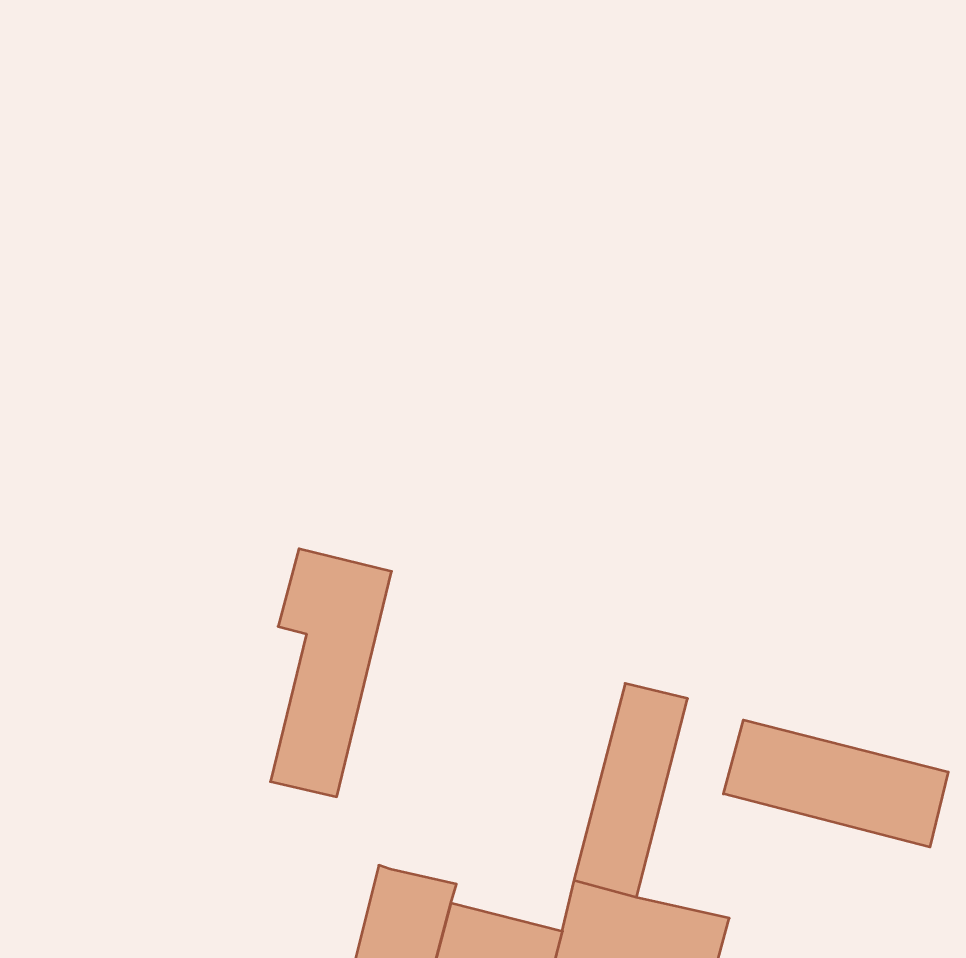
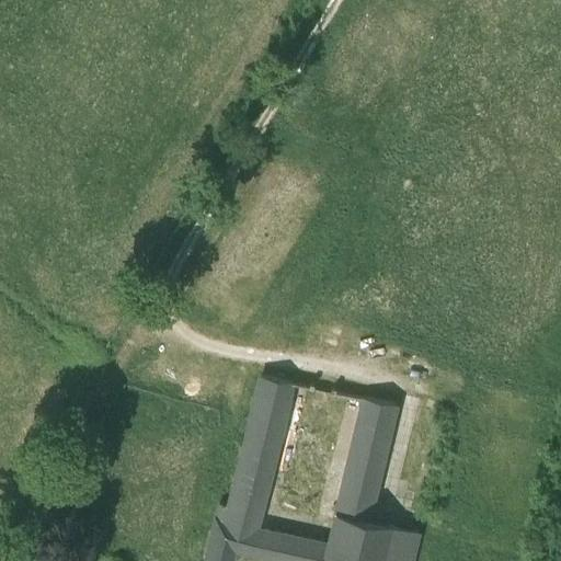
building: [270,549,392,797] -> [227,374,297,517]
building: [723,720,948,847] -> none

